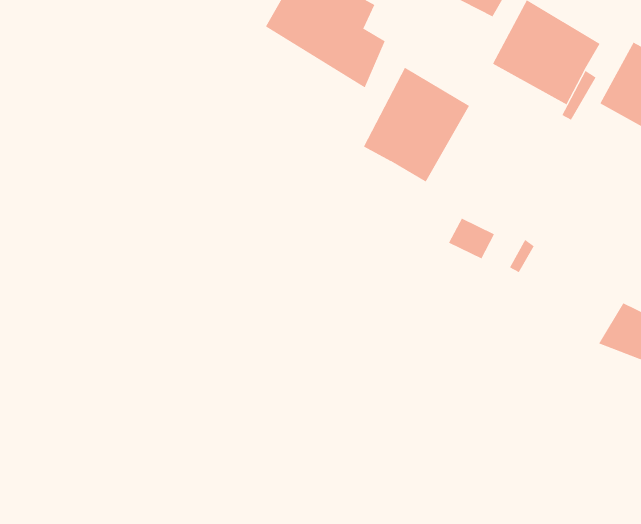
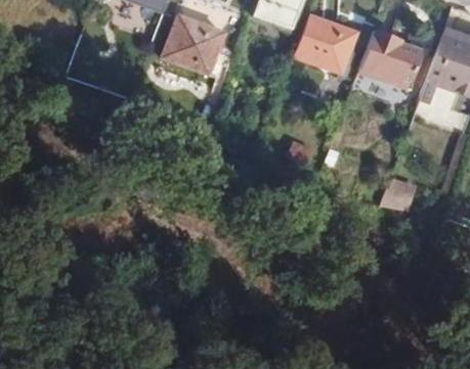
building: [363,67,470,183] -> none

